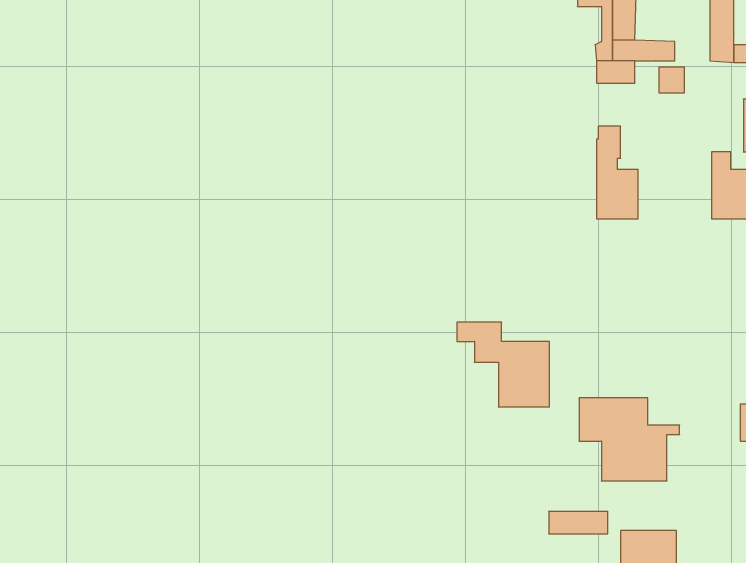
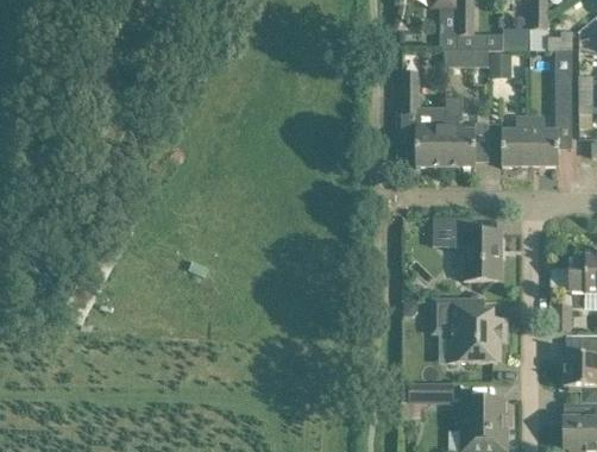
building: none -> [402,71,445,165]
building: none -> [502,115,530,165]
building: [457,322,549,407] -> [433,215,502,278]

